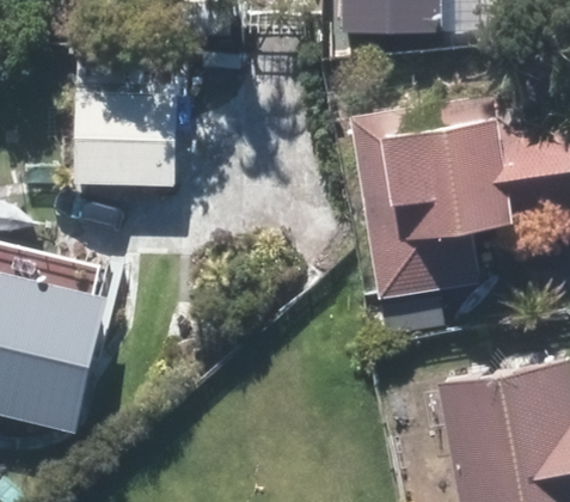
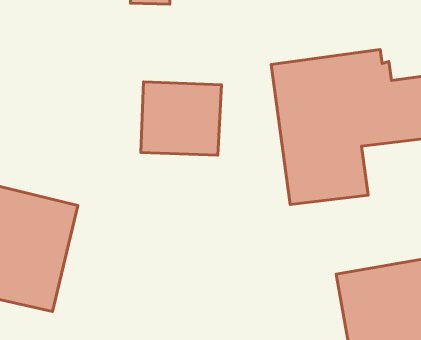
building: [73,97,176,190] -> [141,82,222,155]

